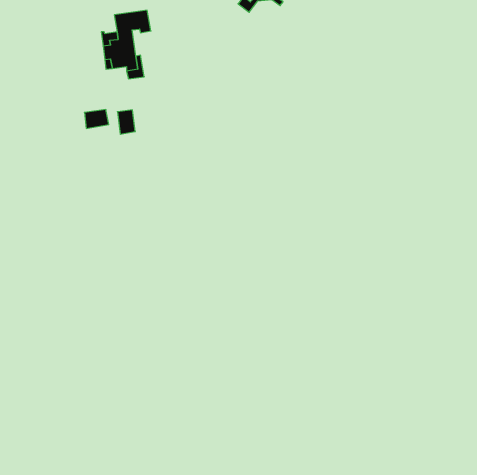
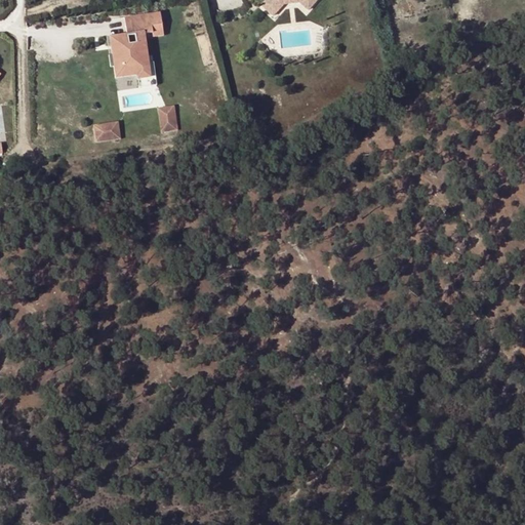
building: [117,110,135,134] -> [156,104,175,130]

